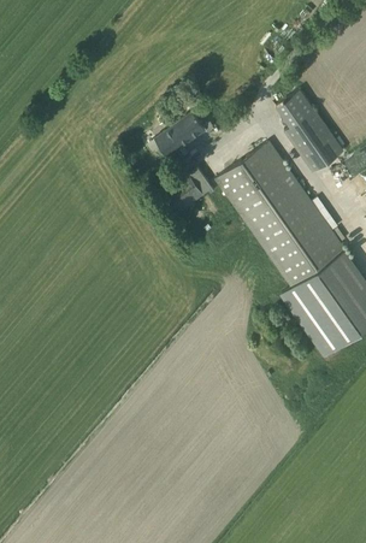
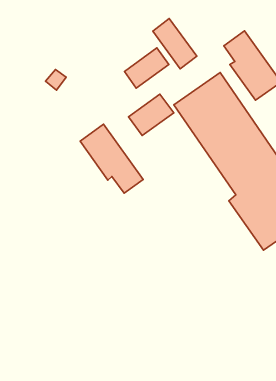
building: none -> [153,18,197,69]
building: none -> [80,124,143,193]

